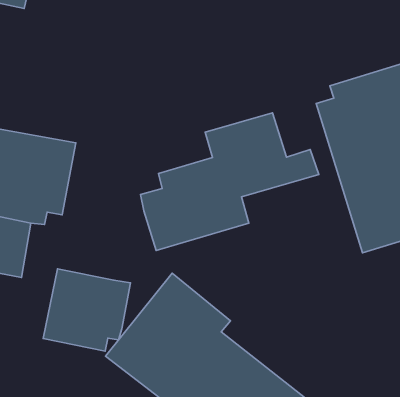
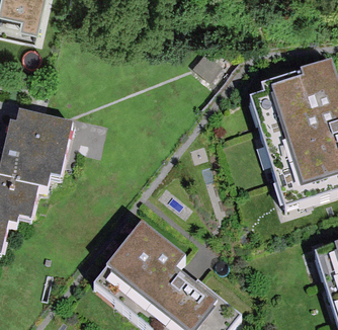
building: [140,113,319,251] -> none
building: [43,269,130,351] -> none

